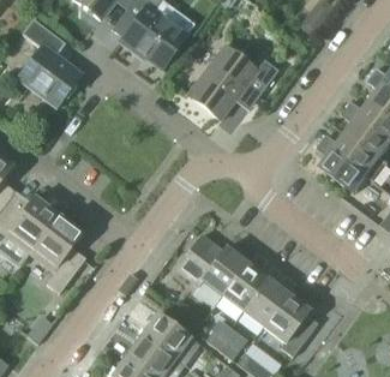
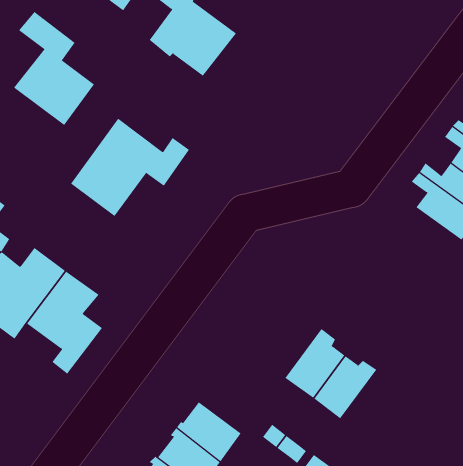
building: [187,44,277,119] -> [70,118,190,217]
building: [176,234,250,294] -> none
building: [264,288,318,355] -> none

